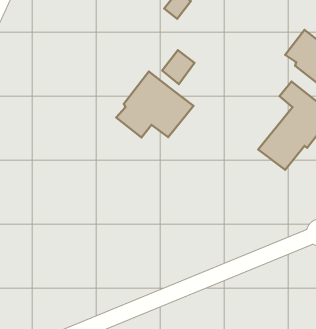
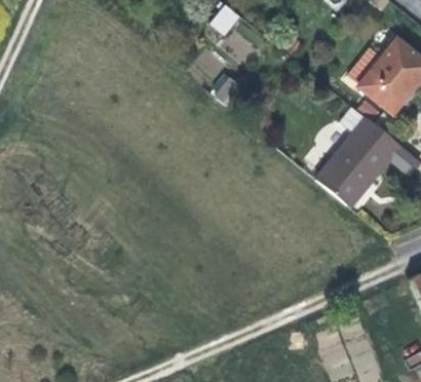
building: [116,71,193,137] -> none

